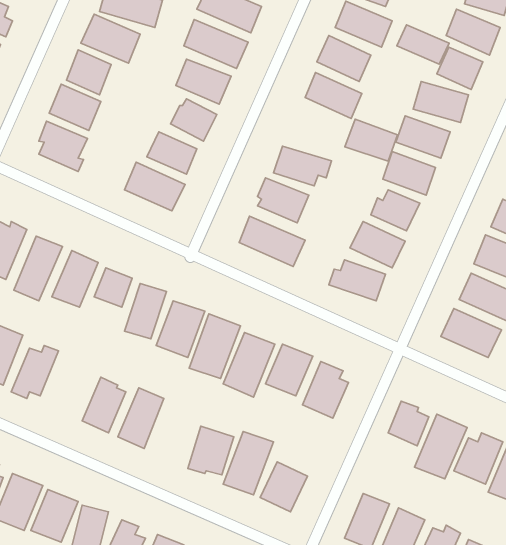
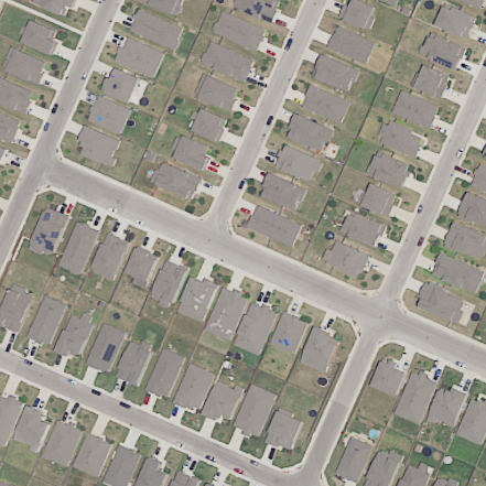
building: [397,25,449,64] -> none
building: [345,119,397,161] -> [285,115,330,150]
building: none -> [85,323,125,372]
building: none -> [172,363,214,412]

